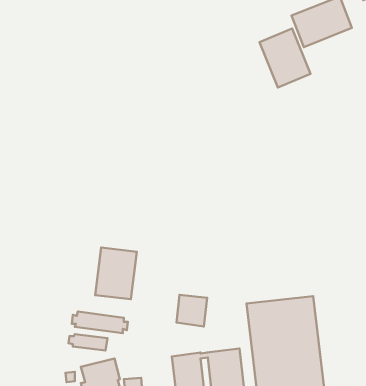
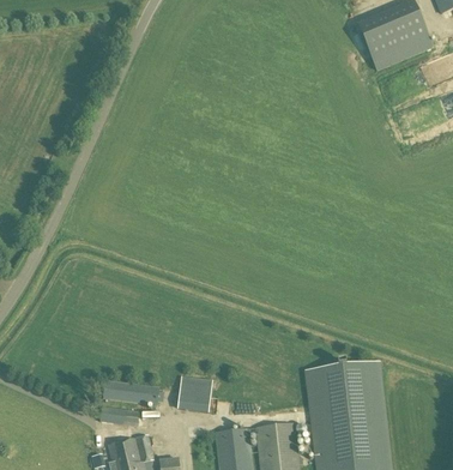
building: [259,28,311,88] -> none
building: [95,248,137,299] -> none
building: [176,295,207,326] -> [177,374,213,411]

